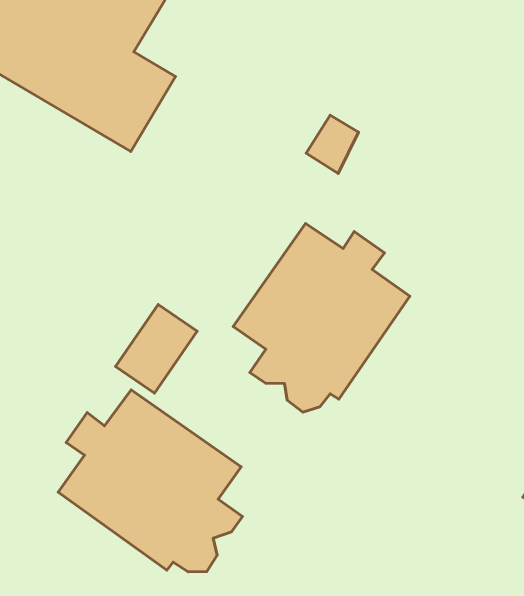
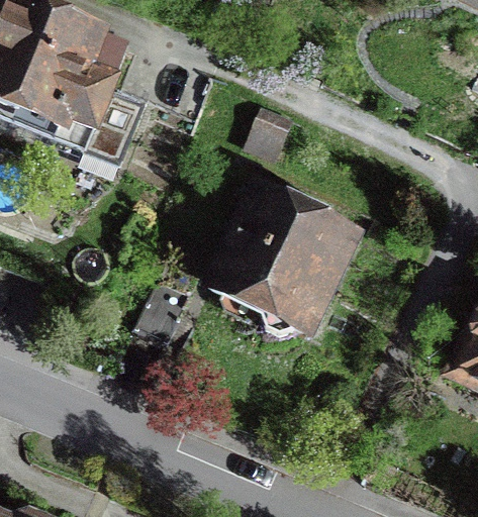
building: [58,390,243,572] -> none

